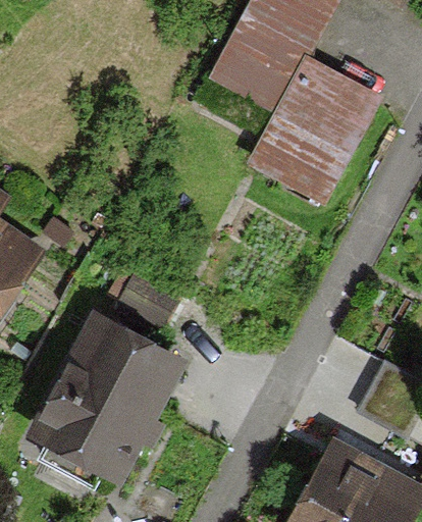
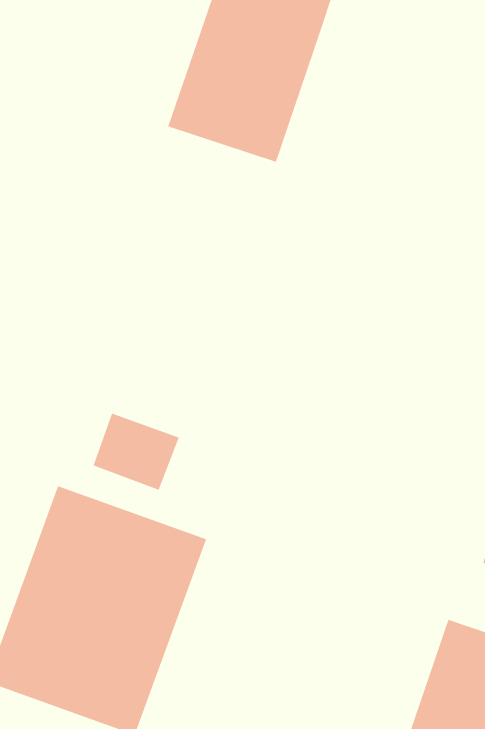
building: [251,53,378,197] -> none

